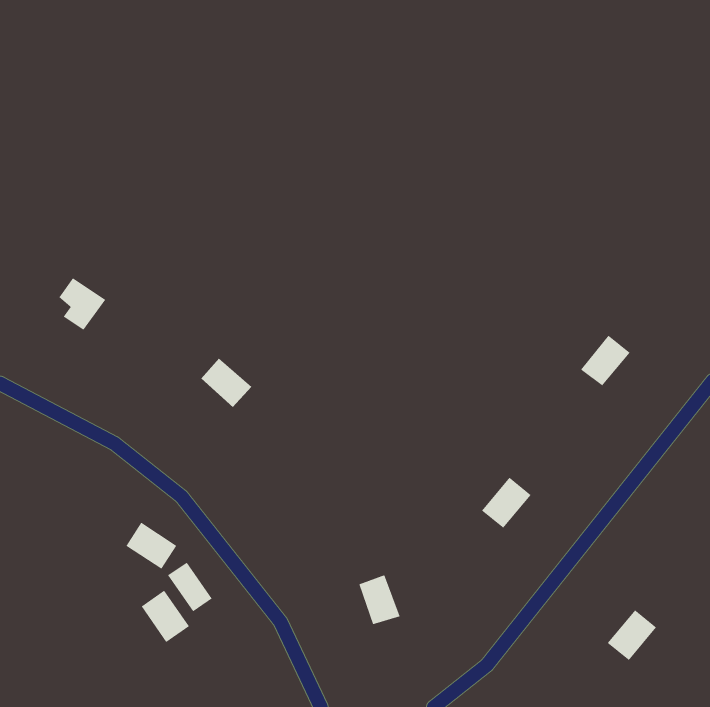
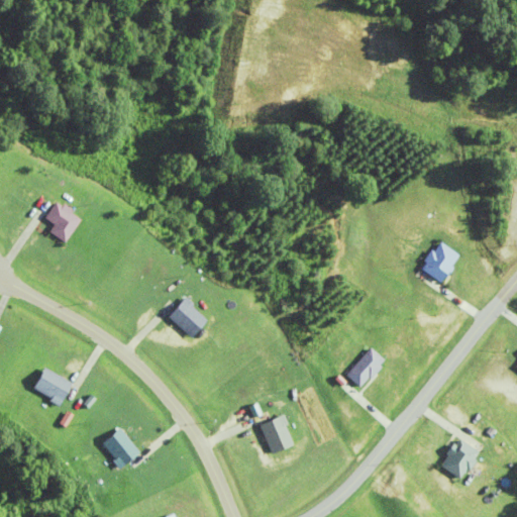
building: [201,358,252,408] -> [171,297,208,333]
building: [125,522,177,569] -> [34,371,72,405]
building: [167,562,213,612] -> none

